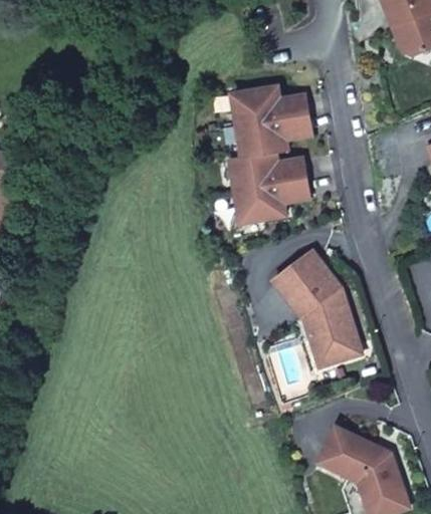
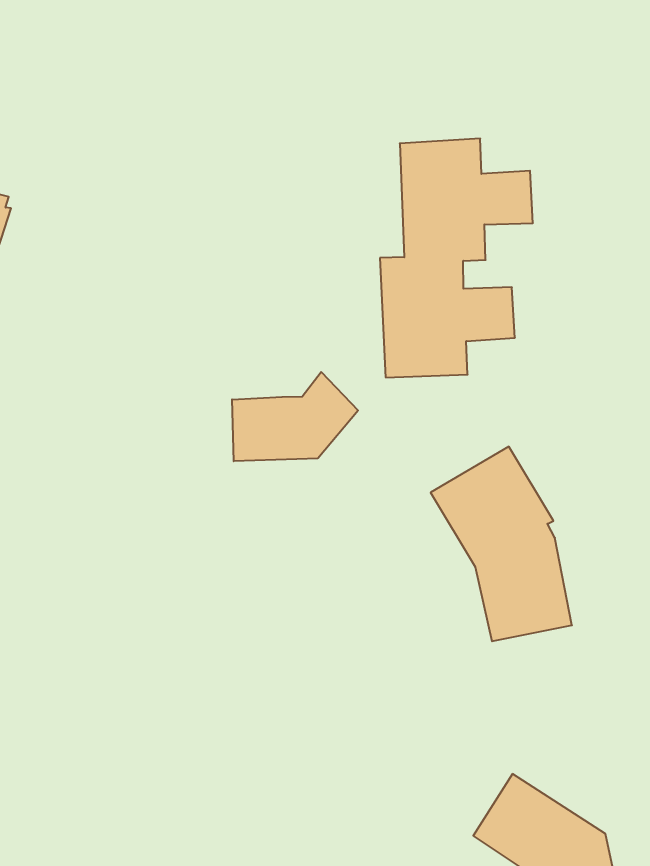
building: none -> [232,372,358,461]

